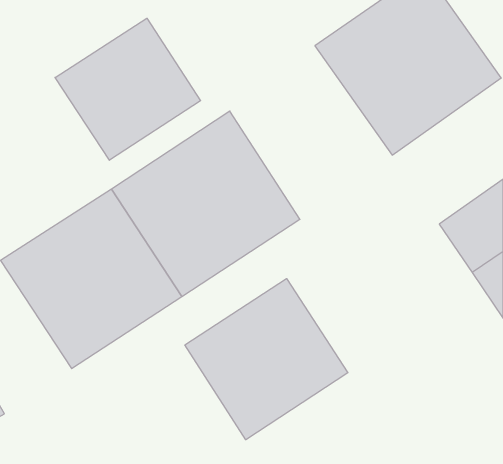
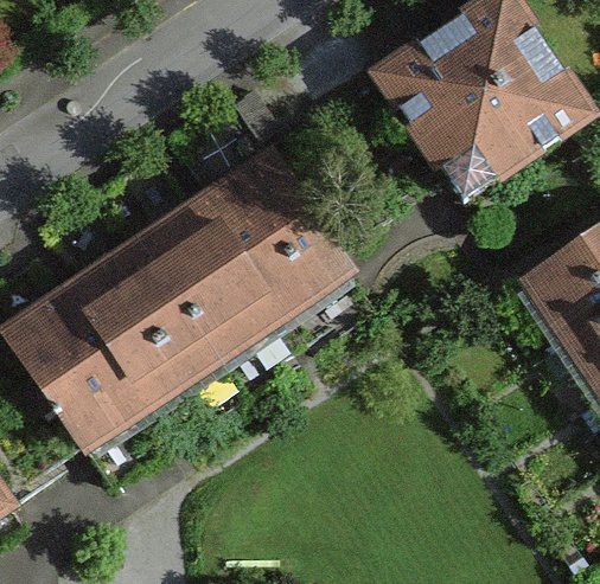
building: [55,18,201,160] -> none
building: [185,279,348,440] -> none

